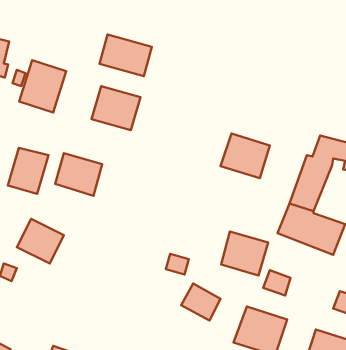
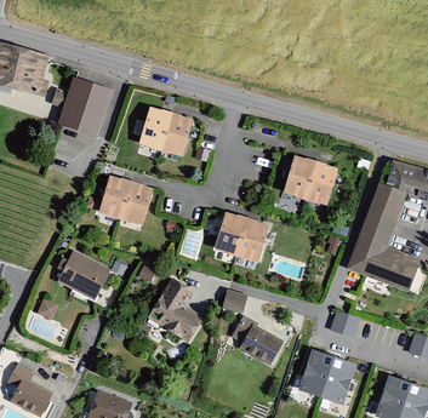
building: [100,34,152,76] -> none
building: [8,148,49,194] -> none
building: [221,232,268,275] -> [216,213,268,262]
building: none -> [147,279,201,342]

